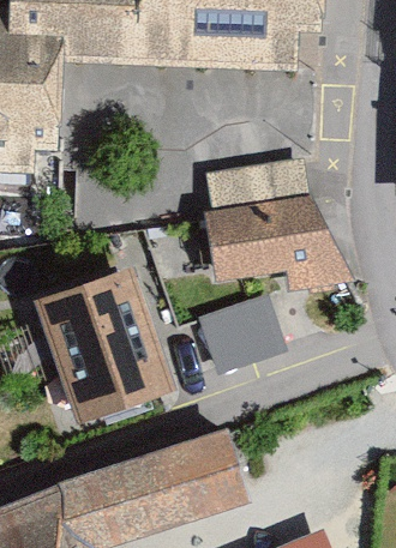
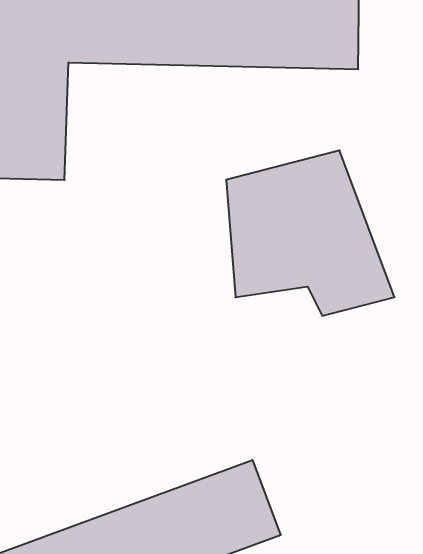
building: [30,261,174,420] -> none
building: [190,290,283,371] -> none

